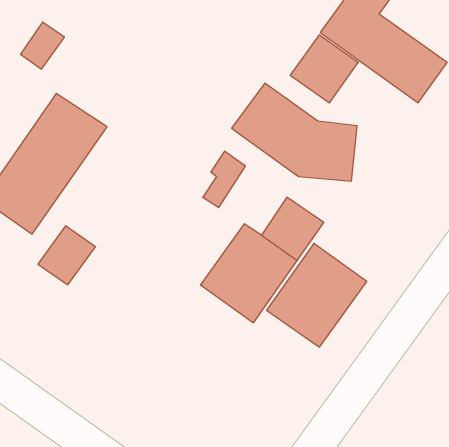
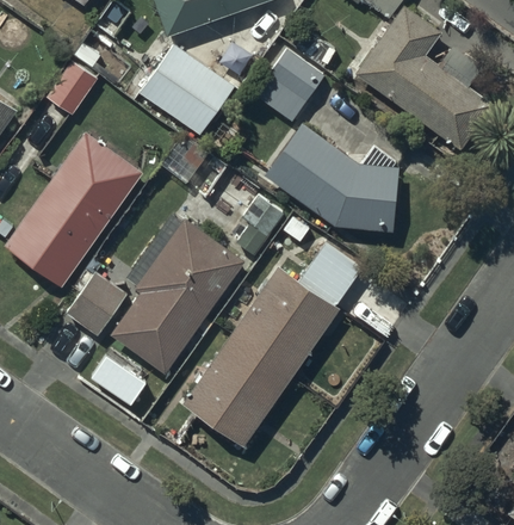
building: none -> [143,49,230,132]
building: [290,35,358,103] -> [249,49,320,119]
building: none -> [114,221,241,369]
building: [267,243,367,347] -> [186,335,290,443]

